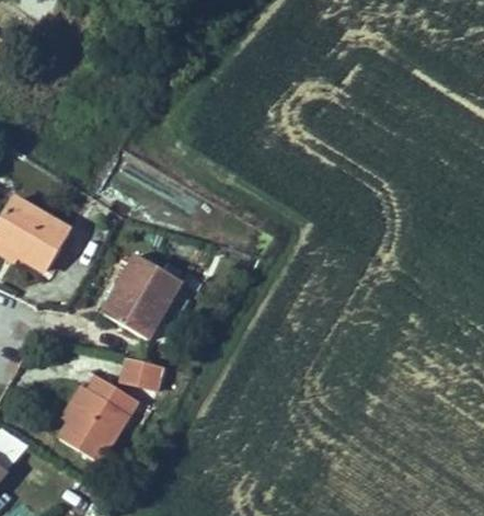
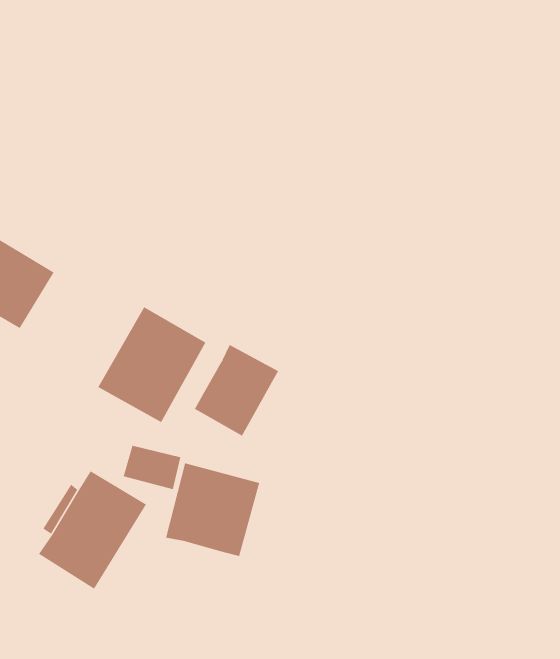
building: none -> [194,344,279,436]
building: none -> [166,463,260,557]

